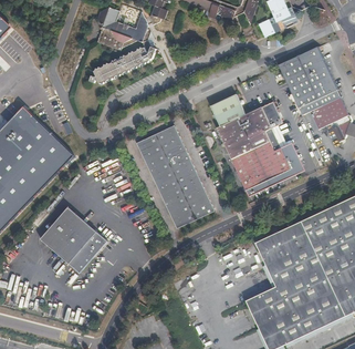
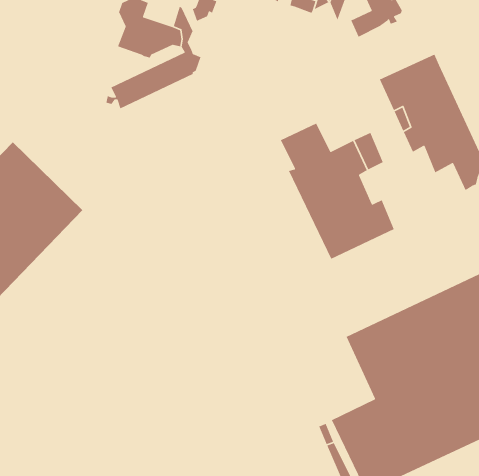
building: [135,125,213,228] -> none
building: [40,207,107,274] -> none

